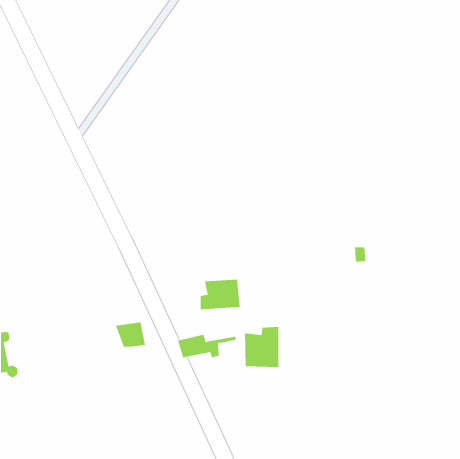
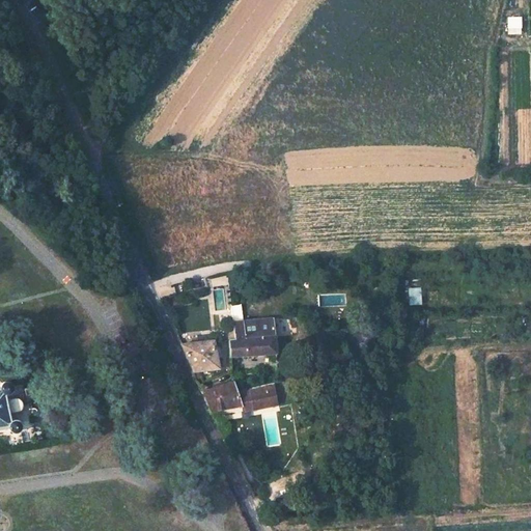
building: [115,322,146,347] -> [184,341,219,370]
building: [245,326,279,368] -> none

